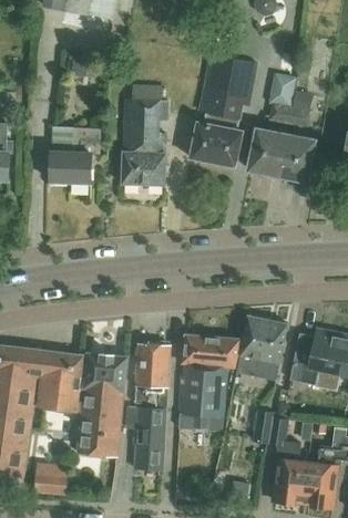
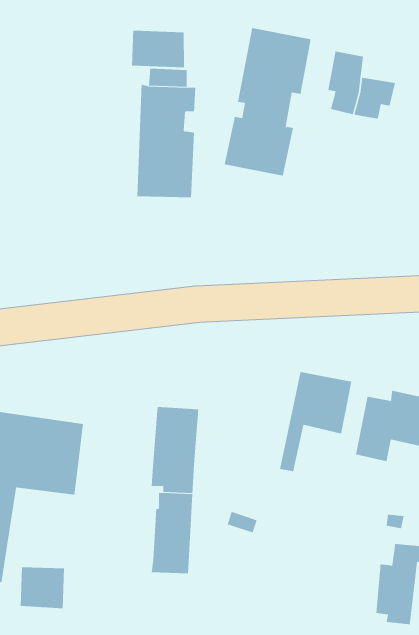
building: none -> [131,30,184,68]
building: [250,127,316,180] -> none
building: [50,128,100,183] -> none
building: [178,334,239,415] -> none
building: [78,356,126,456] -> none
building: [253,412,308,504] -> none

